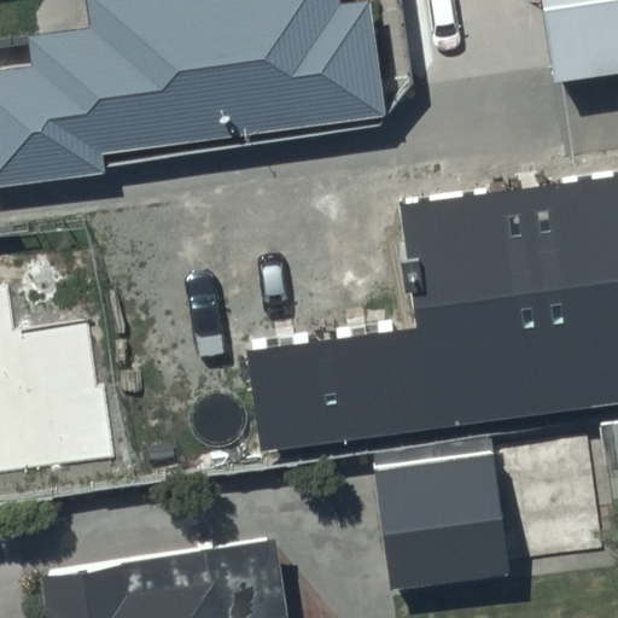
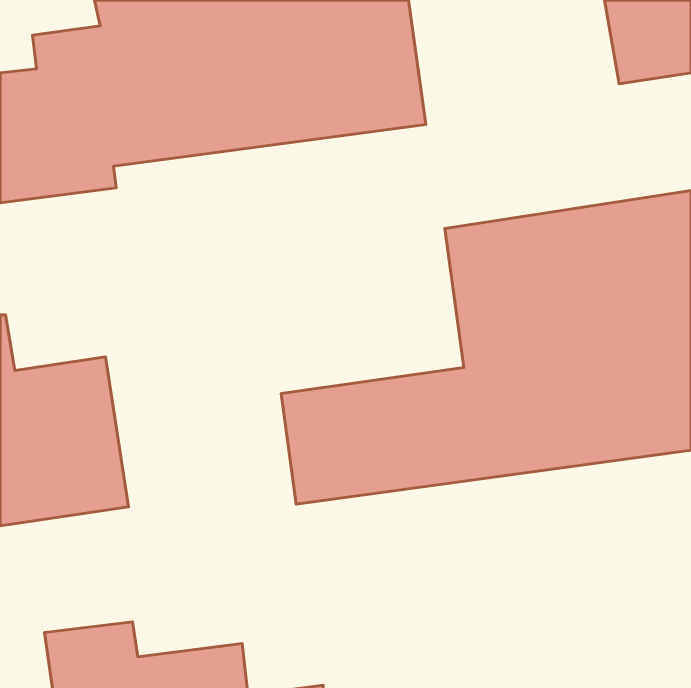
building: [374,450,507,588] -> none

